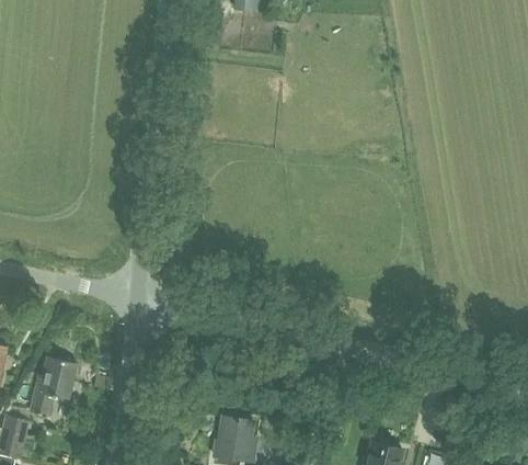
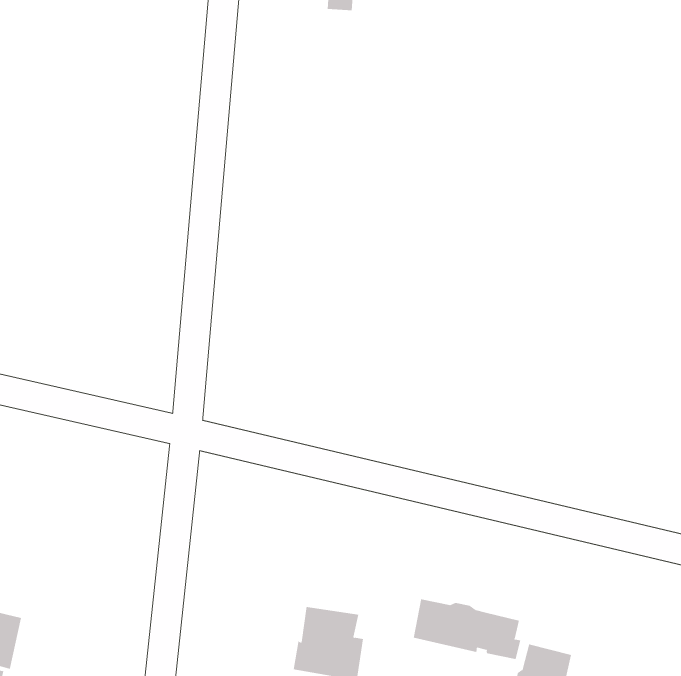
building: [31,358,74,417] -> none
building: none -> [413,598,521,660]

